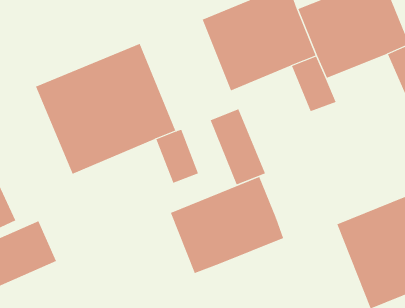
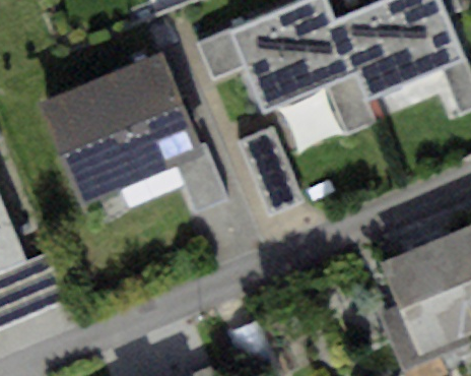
building: [170,176,284,274] -> none

